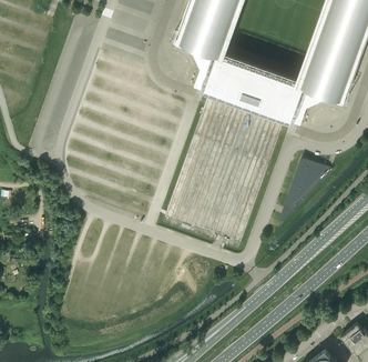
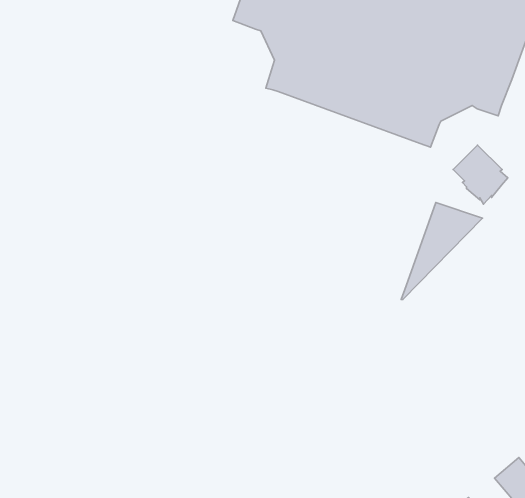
building: none -> [453,145,508,204]

